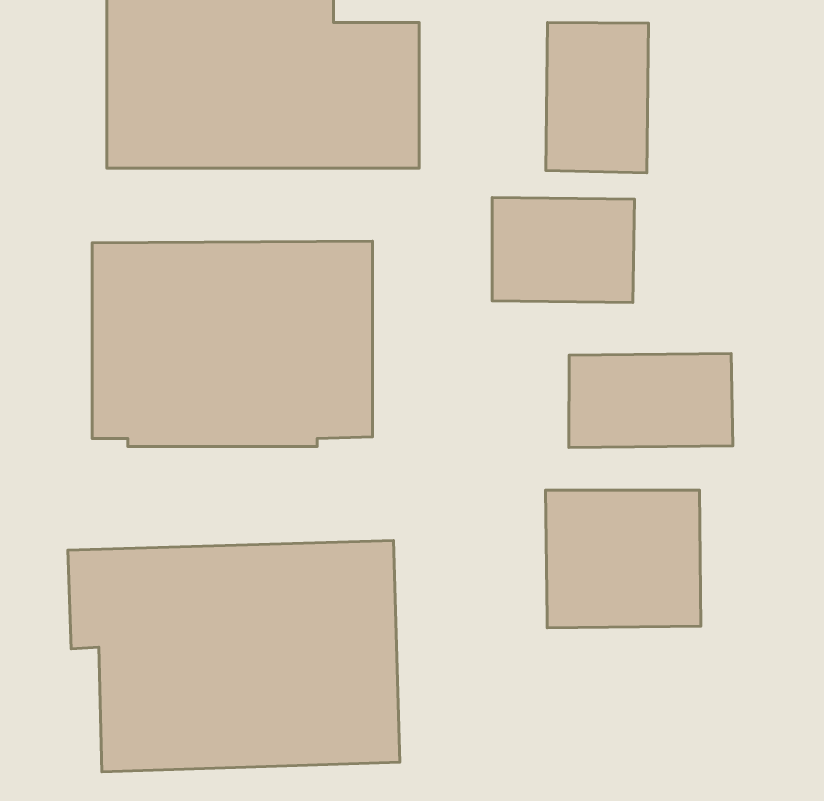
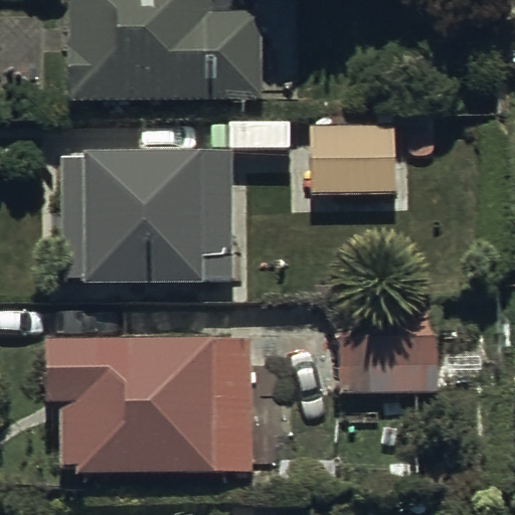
building: [546,22,648,173] -> none
building: [569,353,733,447] -> none

